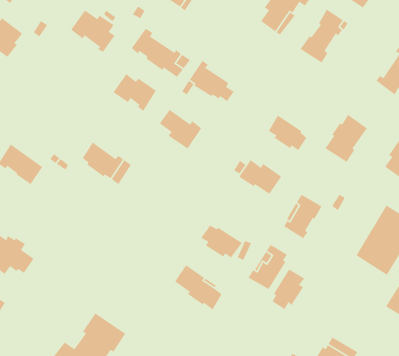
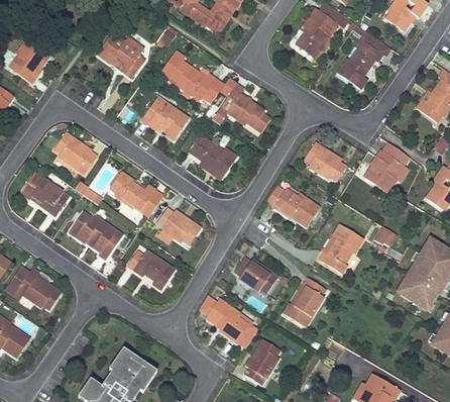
building: none -> [53,133,96,172]
building: none -> [156,208,200,243]
building: none -> [68,212,124,261]
building: none -> [127,248,175,289]
building: [271,269,305,310] -> [244,339,279,383]

